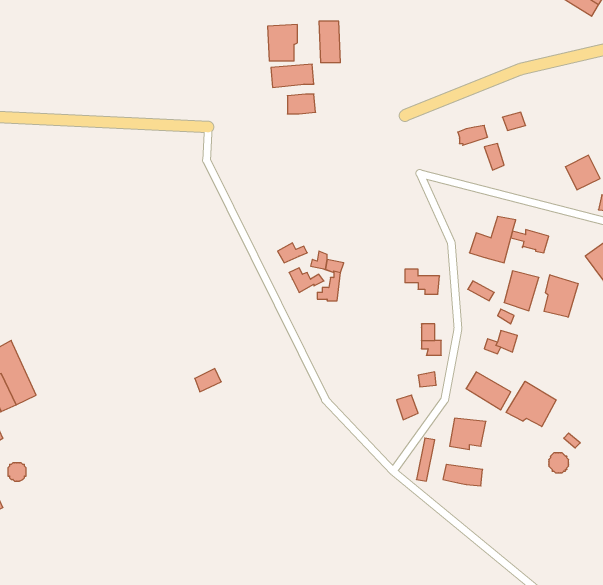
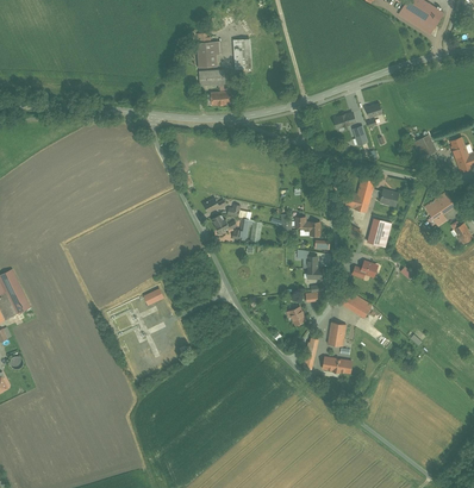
building: [544,275,578,317] -> none
building: [506,381,556,427] -> none

